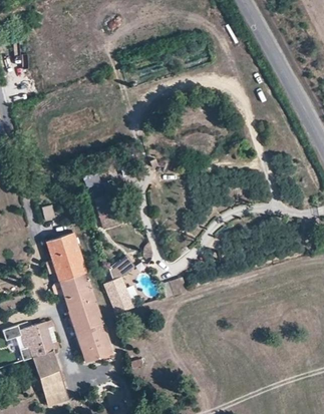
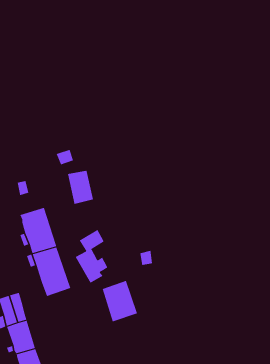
building: [73,317,111,361] -> [102,280,138,322]

